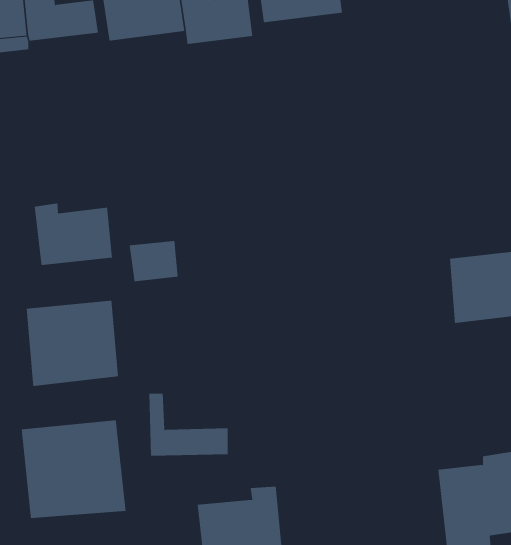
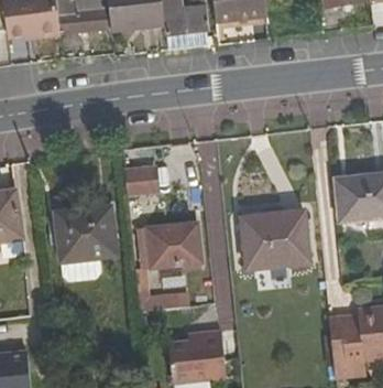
building: [34,203,113,266] -> none
building: none -> [241,209,310,269]
building: none -> [146,222,203,268]
building: [21,420,126,519] -> none

